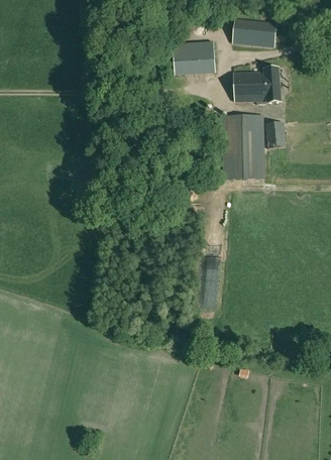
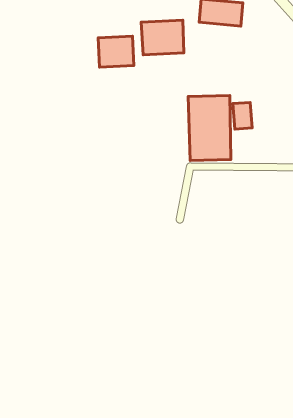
building: none -> [98,36,134,67]
building: [233,68,281,104] -> none

